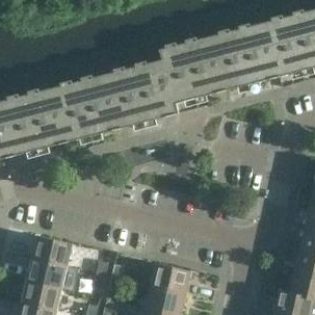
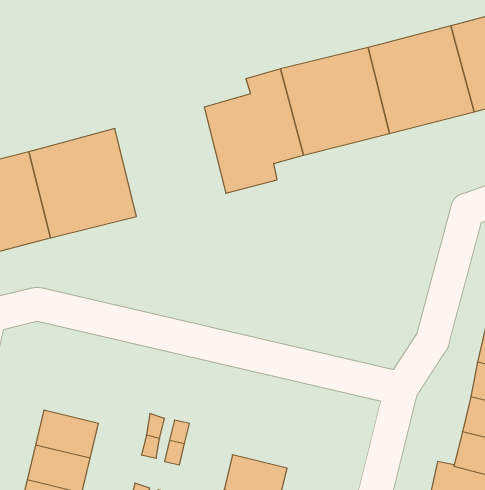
building: [77,68,147,136] -> none
building: [32,235,72,266] -> none
building: [140,261,190,294] -> none

